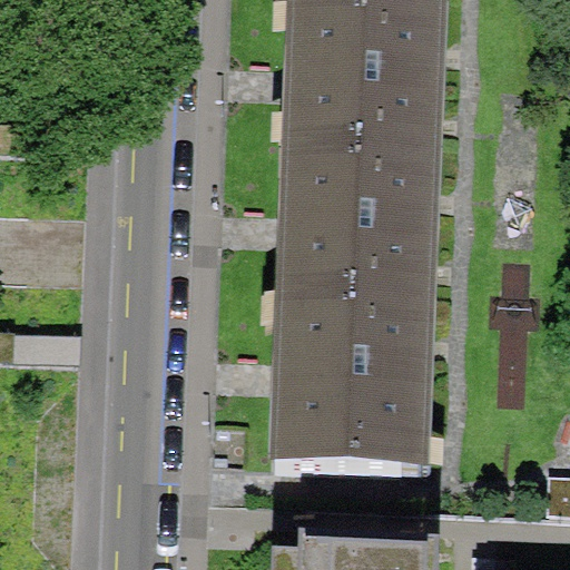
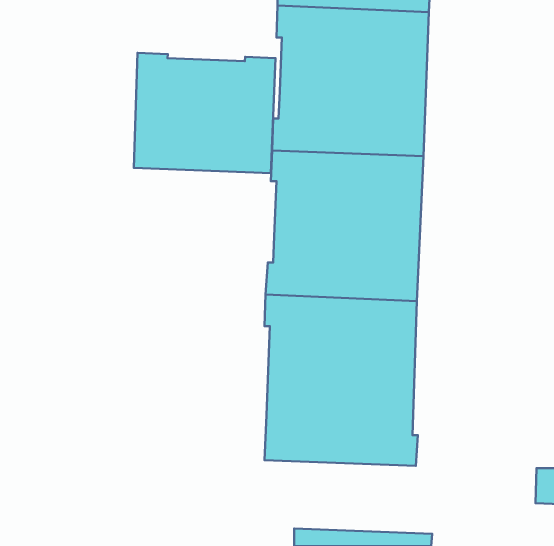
building: none -> [134,53,276,173]

